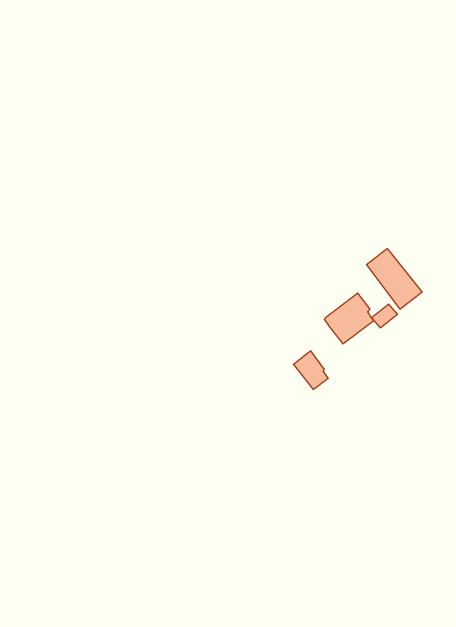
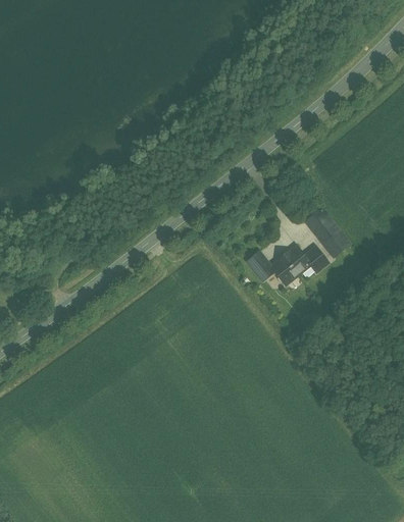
building: [293,351,328,389] -> [245,249,273,280]

